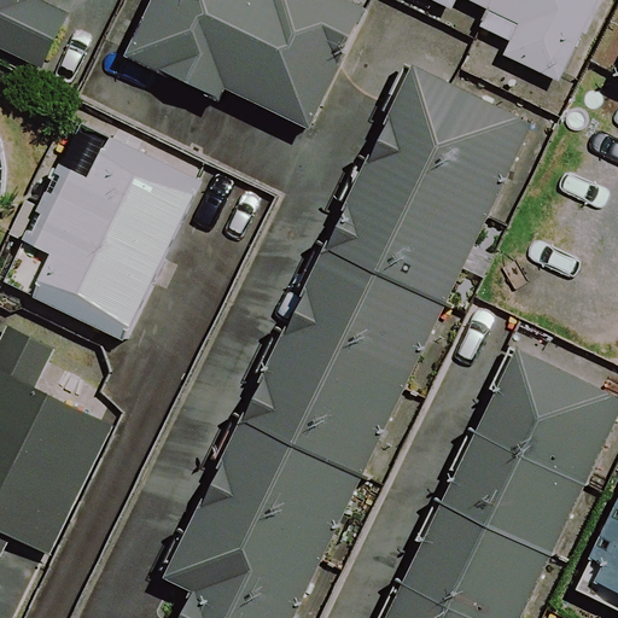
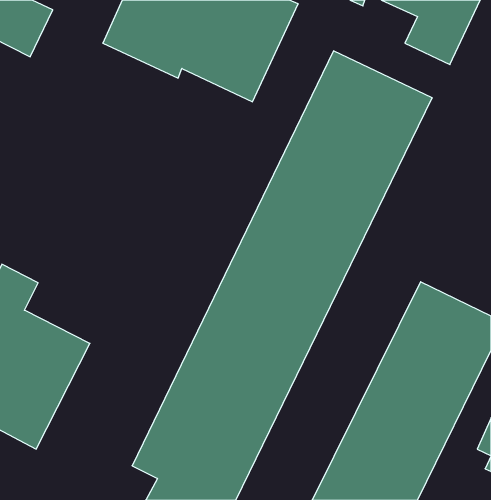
building: [21,136,198,338] -> none

